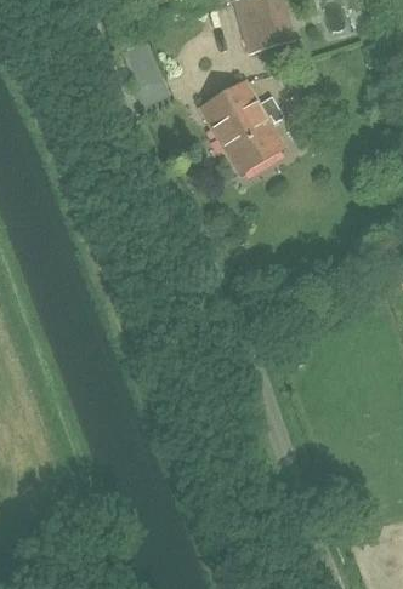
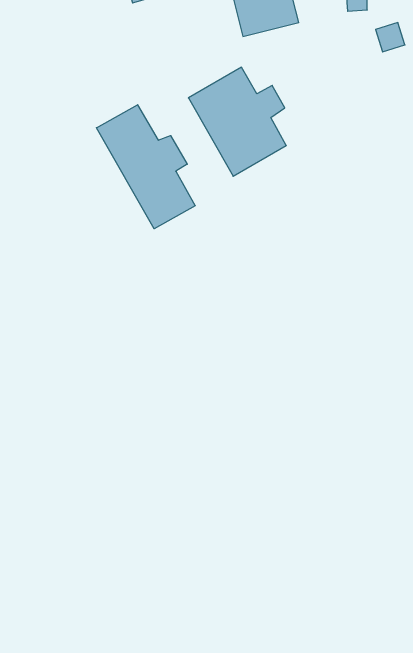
building: none -> [96,105,195,229]

